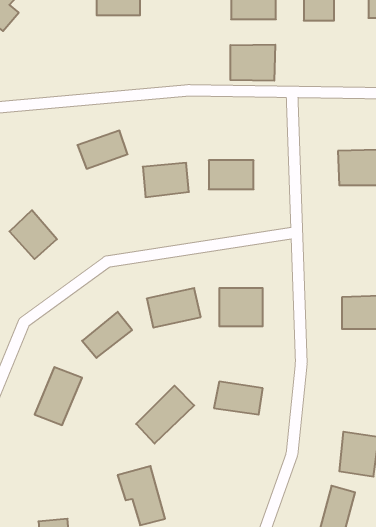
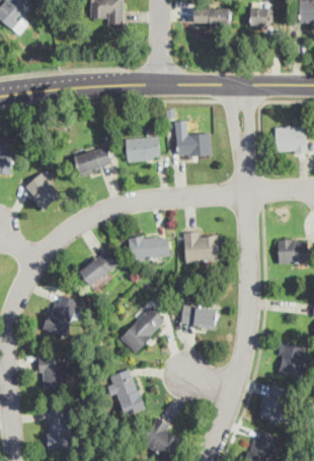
building: [230,45,275,81] -> none
building: [77,131,128,169] -> [73,147,111,176]
building: none -> [41,360,67,393]

